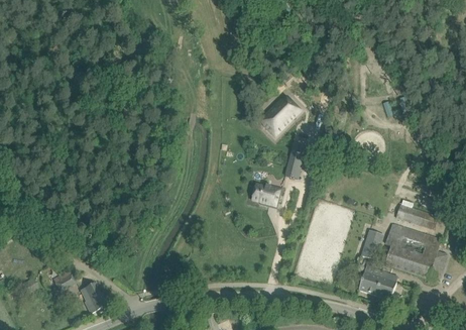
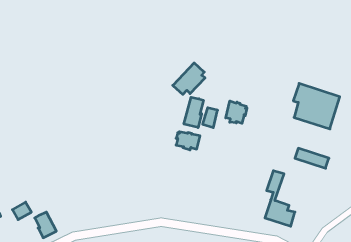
building: none -> [184,97,203,128]
building: none -> [226,101,247,123]
building: [385,223,442,279] -> [293,83,340,129]

